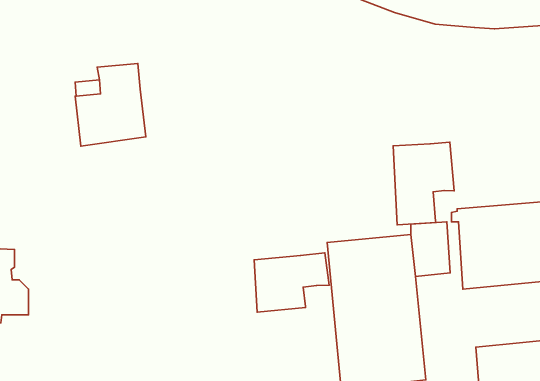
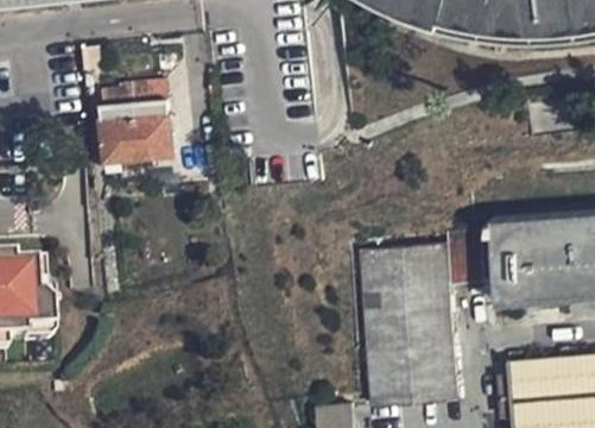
building: [393,142,454,225] -> none
building: [254,253,329,312] -> none

